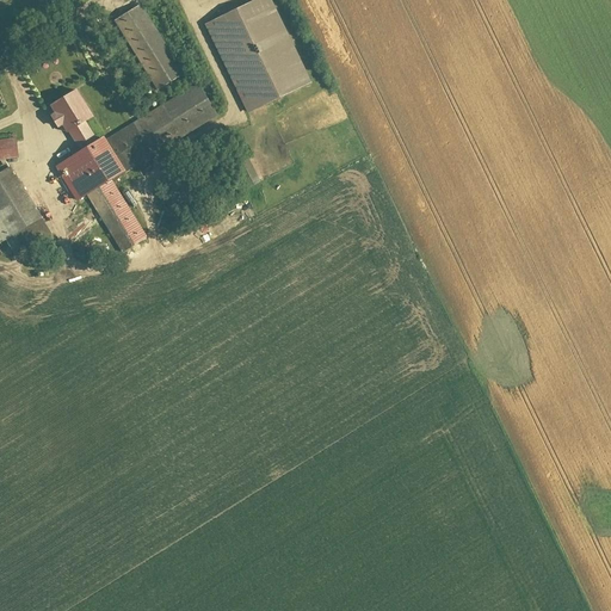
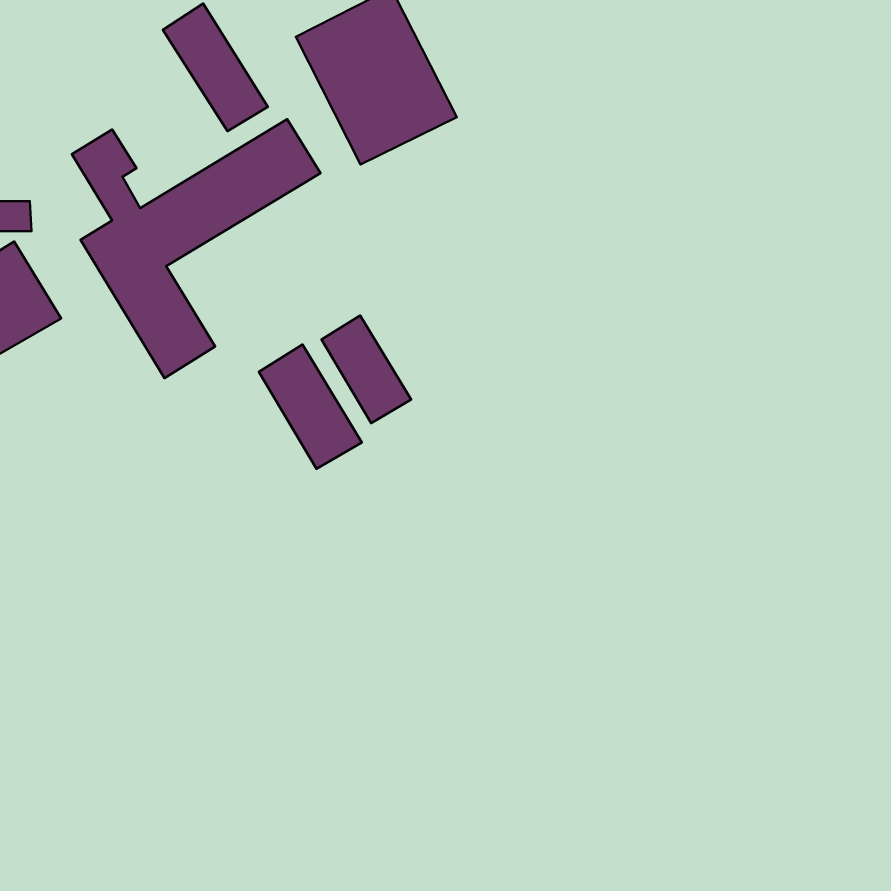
building: none -> [321,315,411,423]
building: none -> [259,345,362,469]

